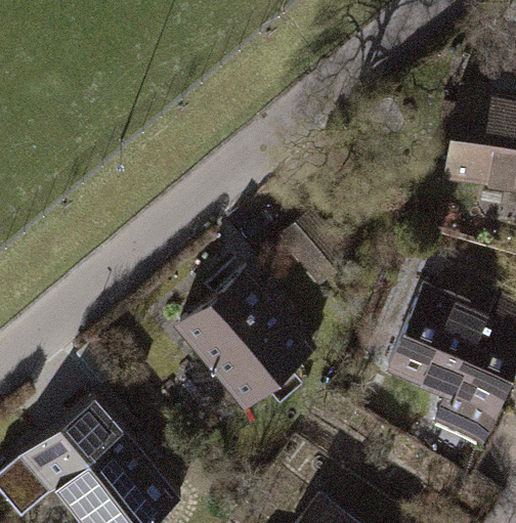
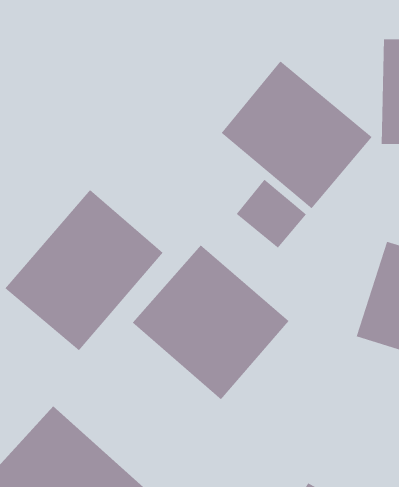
building: none -> [221,61,372,209]
building: none -> [5,189,163,351]

